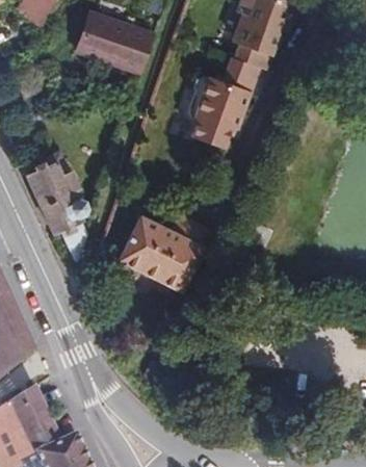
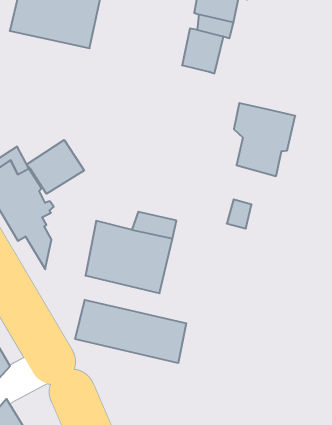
building: [184,85,241,154] -> [234,103,295,176]
building: none -> [27,140,84,194]
building: none -> [75,300,186,363]

